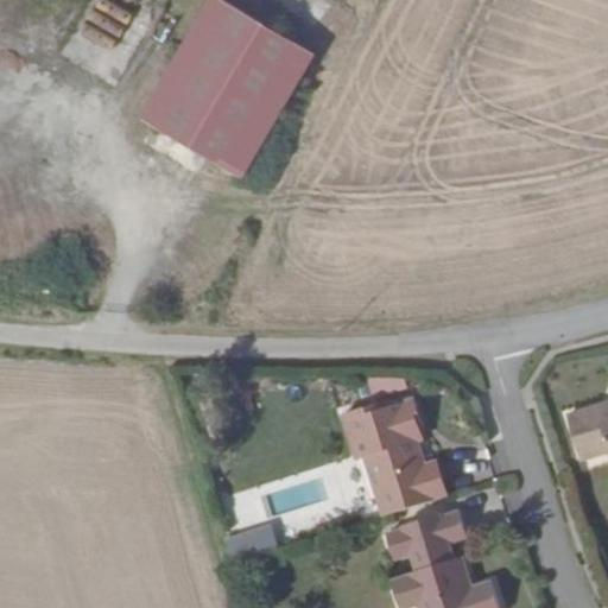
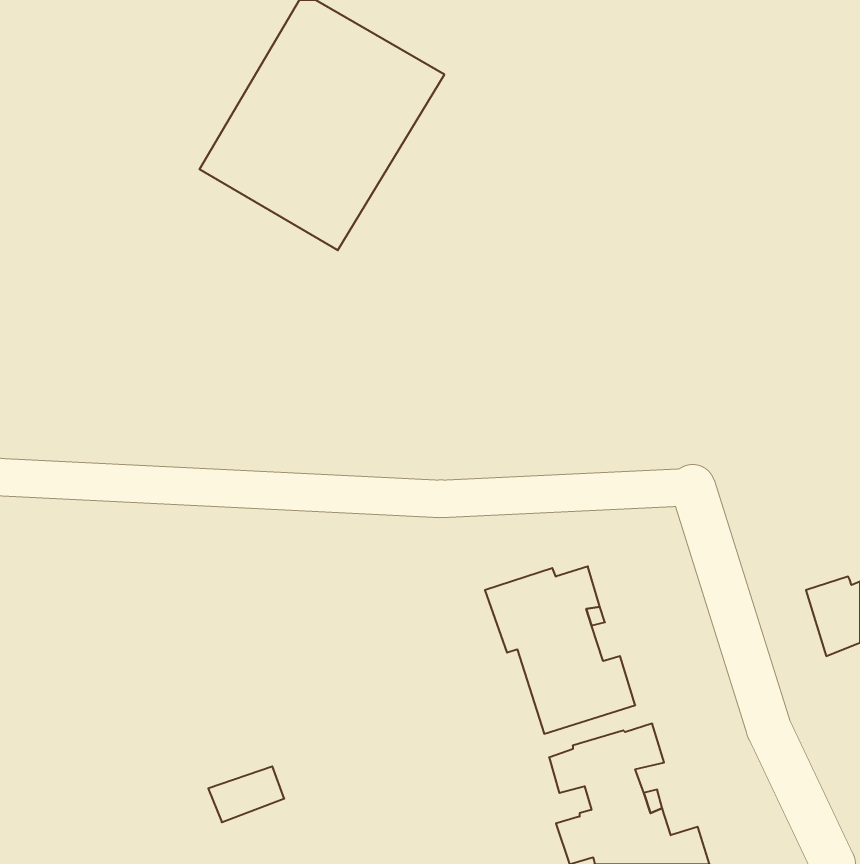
building: [222,521,276,560] -> [208,766,284,822]

